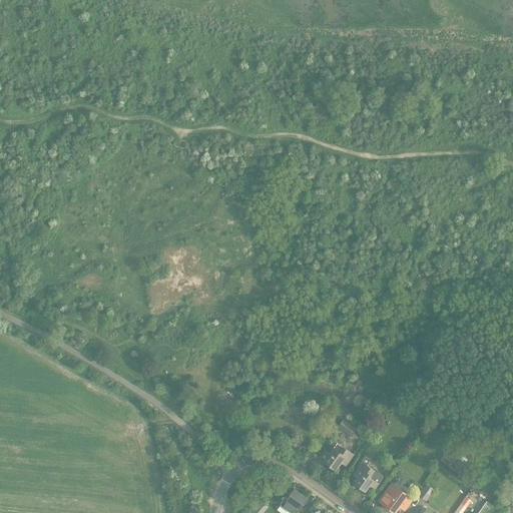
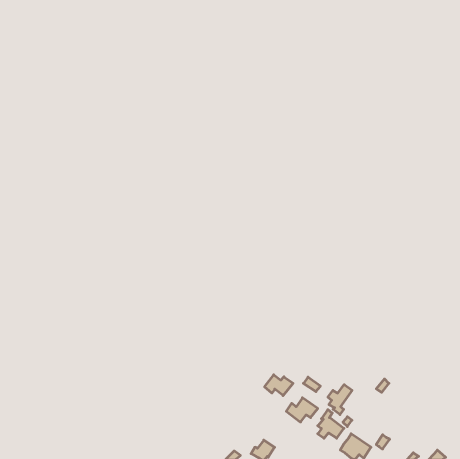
building: none -> [265,375,293,396]
building: none -> [328,385,352,415]

